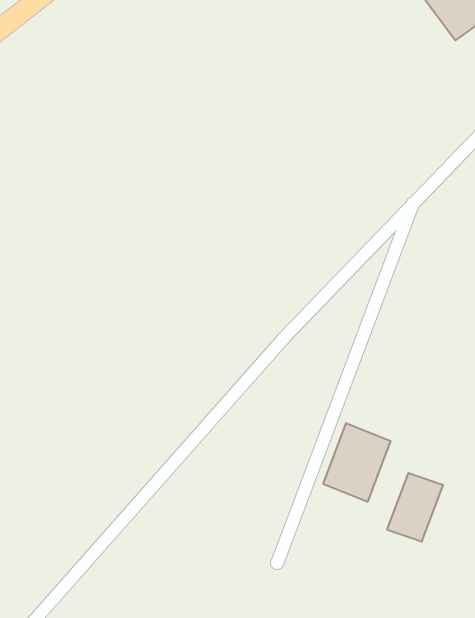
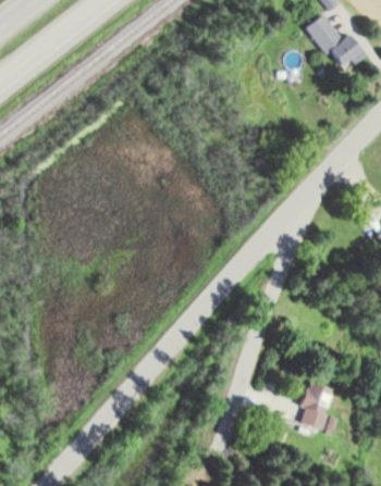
building: [323,423,391,502] -> none

